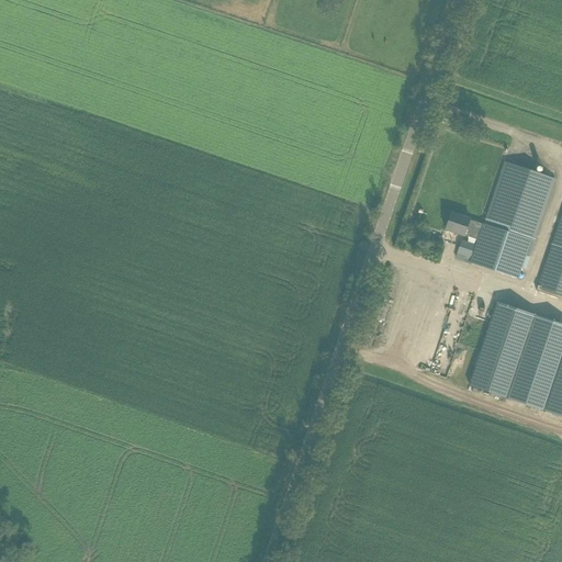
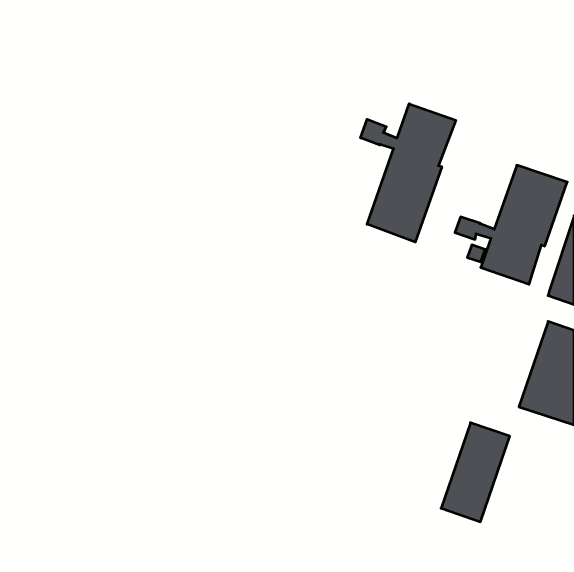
building: none -> [361,104,456,242]
building: [469,301,536,397] -> [441,423,510,522]

